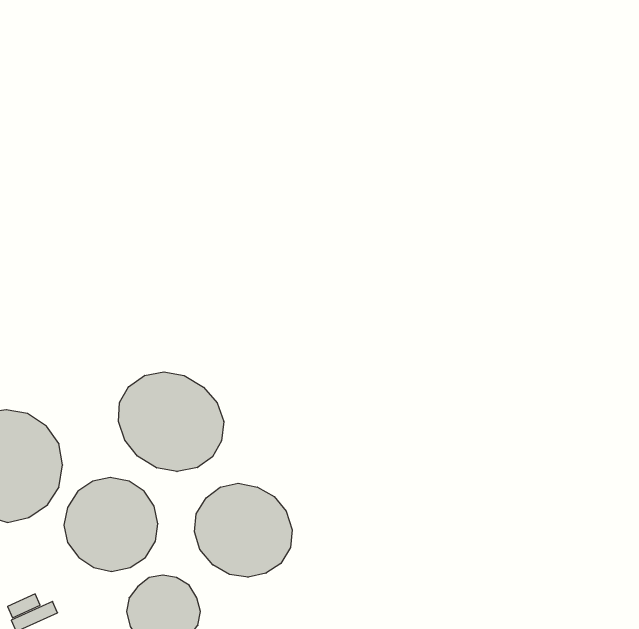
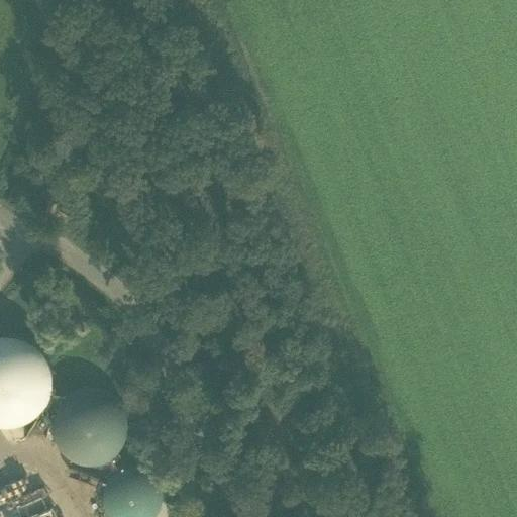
building: [118,372,224,472] -> none
building: [195,483,292,577] -> none

